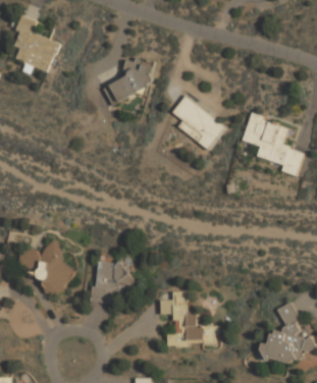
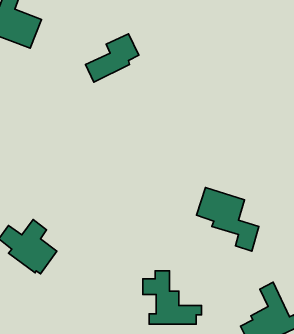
building: [172,94,226,150] -> none
building: [242,113,304,176] -> [196,187,259,251]
building: [90,262,128,305] -> none

